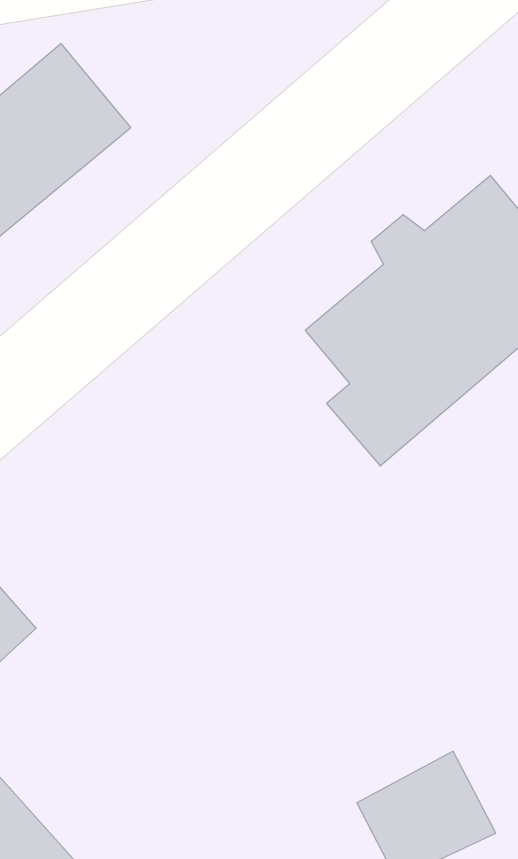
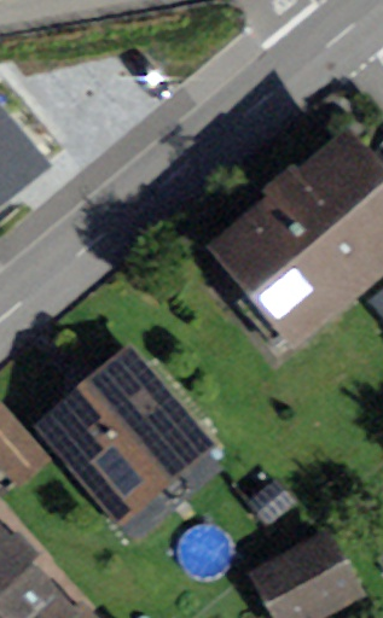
building: none -> [40,357,209,531]

